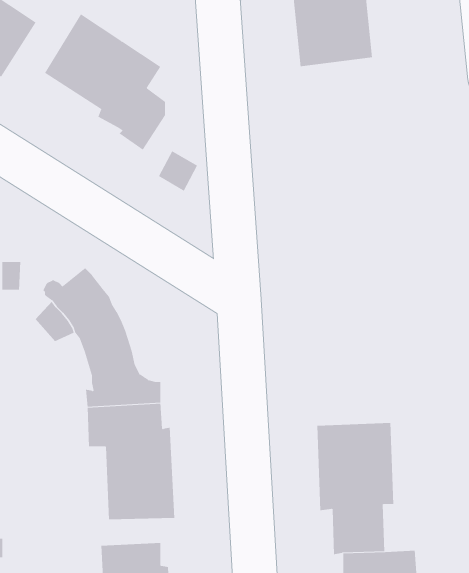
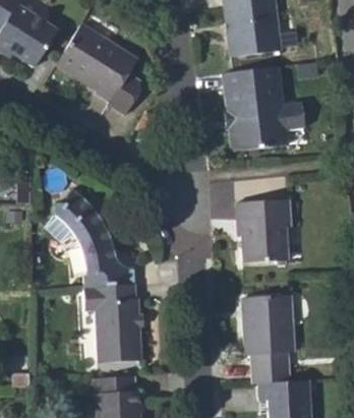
building: none -> [223,66,305,153]
building: none -> [233,196,287,261]

